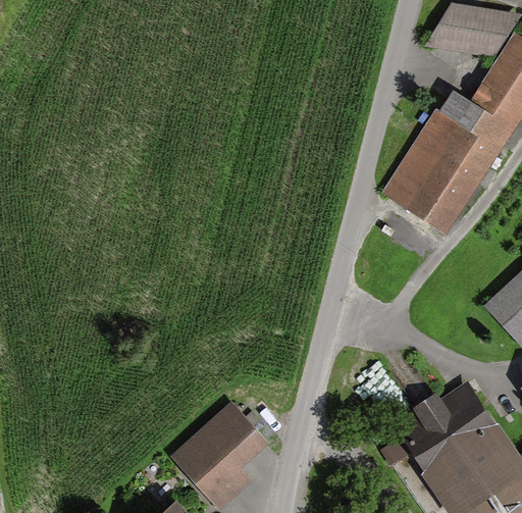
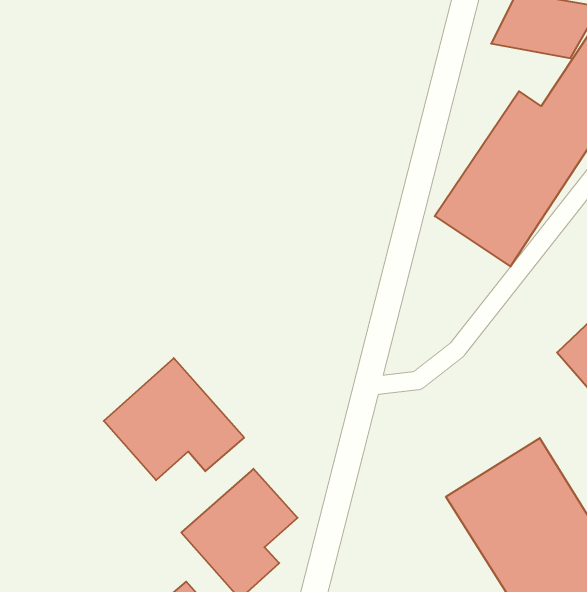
building: none -> [104,358,244,480]

